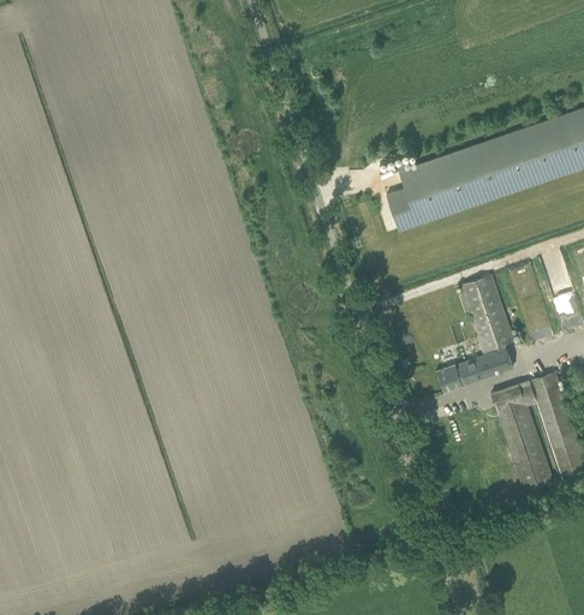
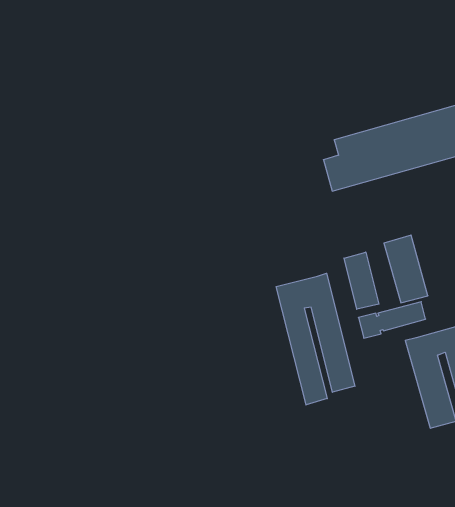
building: none -> [344,252,379,309]
building: none -> [276,273,355,405]

